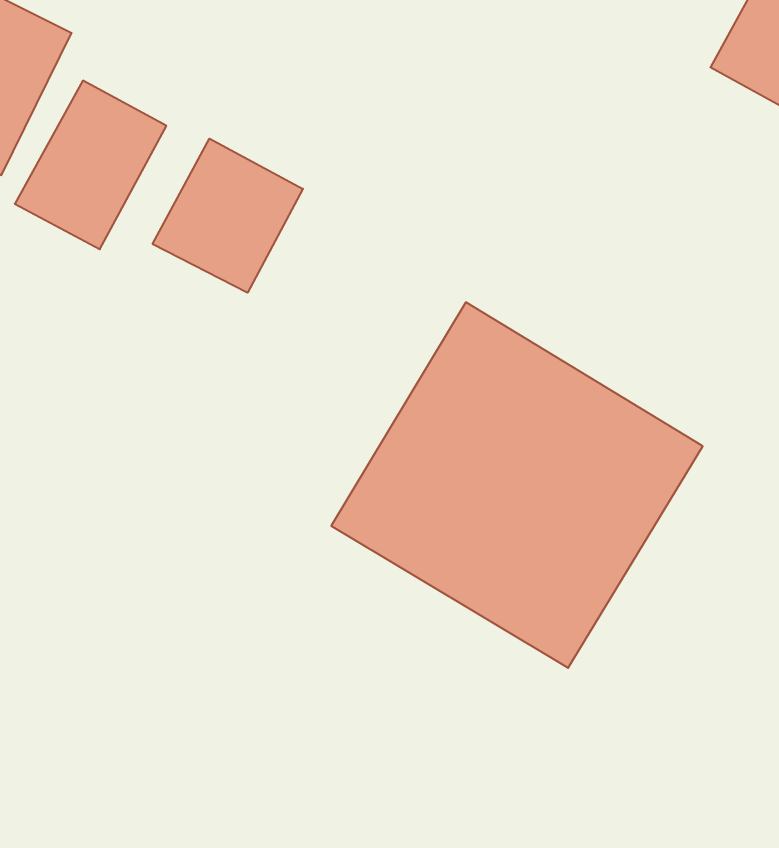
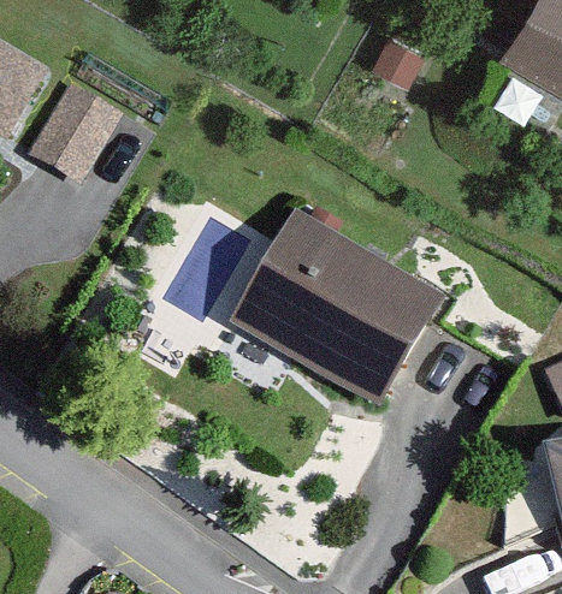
building: [153,139,303,293] -> none

